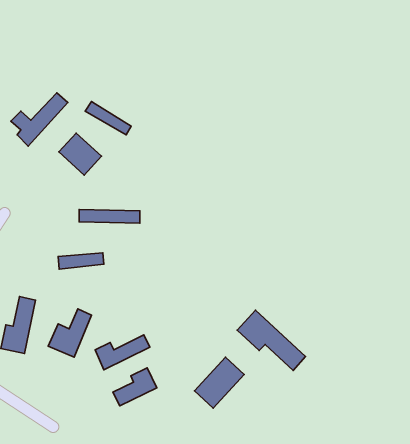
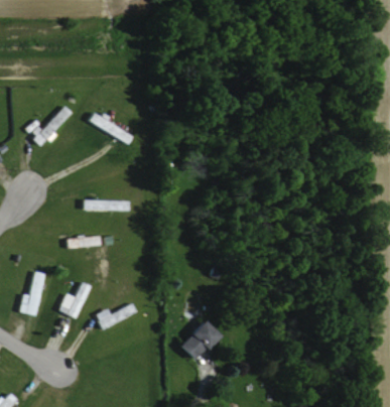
building: [59,133,101,175] -> none
building: [237,310,306,370] -> none
building: [113,368,157,406] -> none

